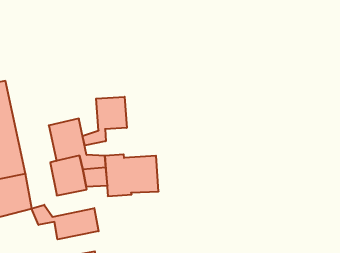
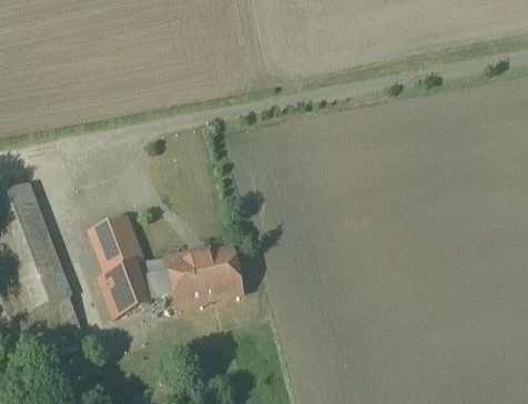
building: [83,97,127,145] -> none
building: [32,205,99,239] -> none

